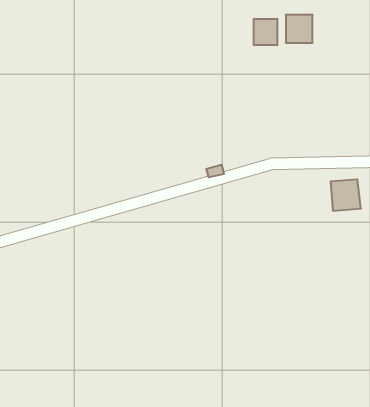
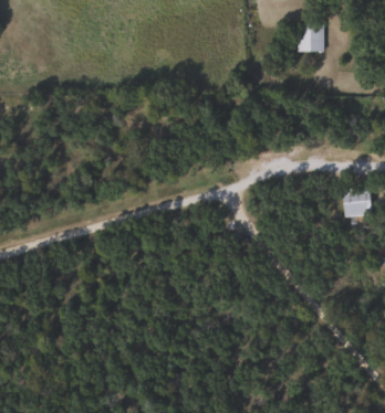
building: [254,19,277,45] -> none

